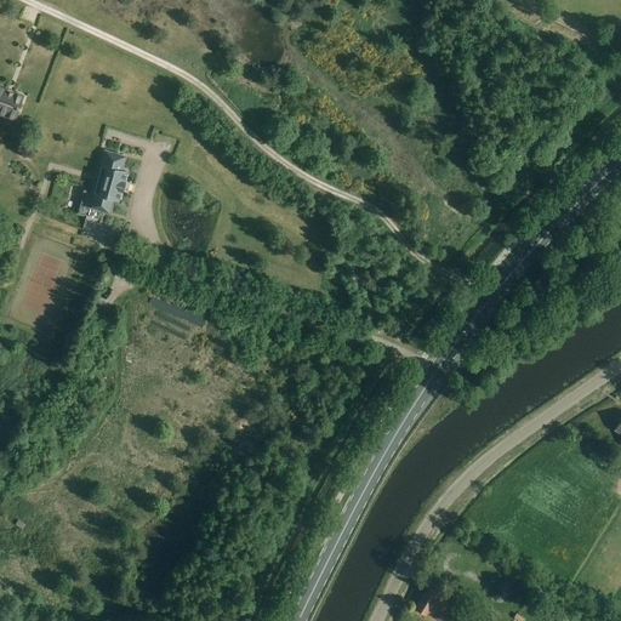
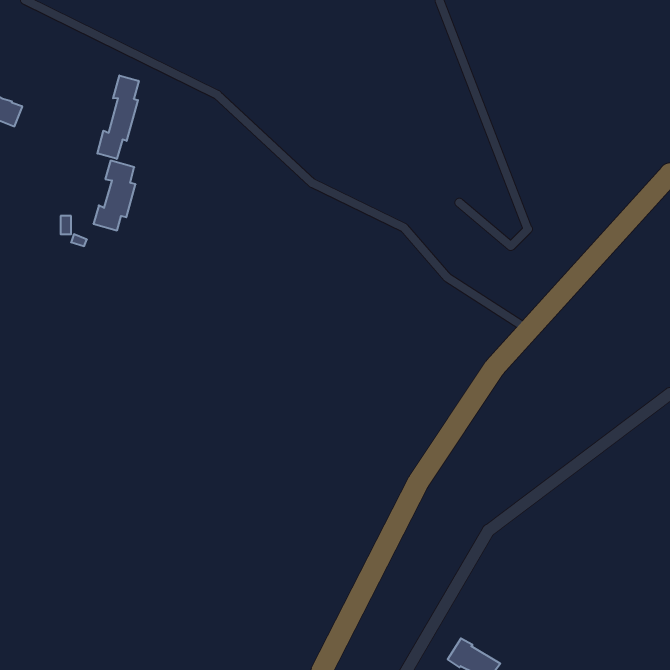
building: none -> [97,75,139,159]

